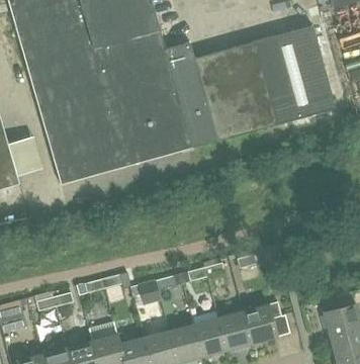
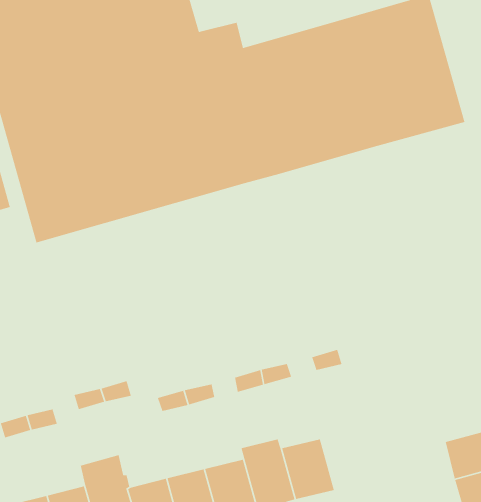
building: [243,301,281,344] -> none

